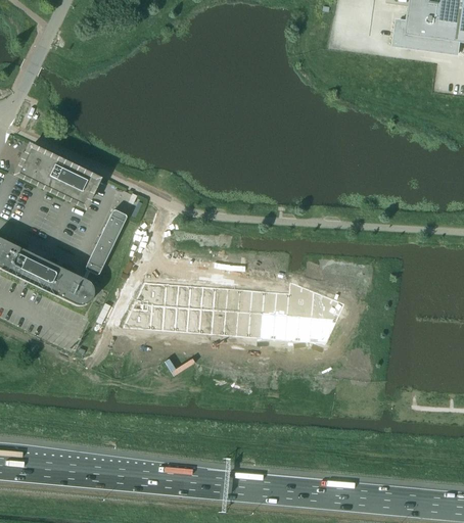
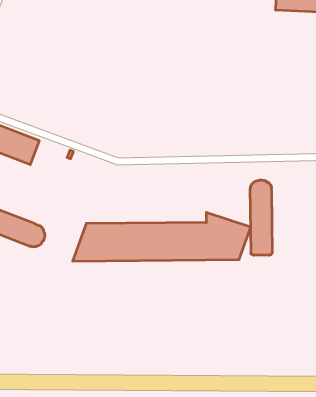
building: [83,208,127,279] -> none
building: none -> [250,180,272,255]

